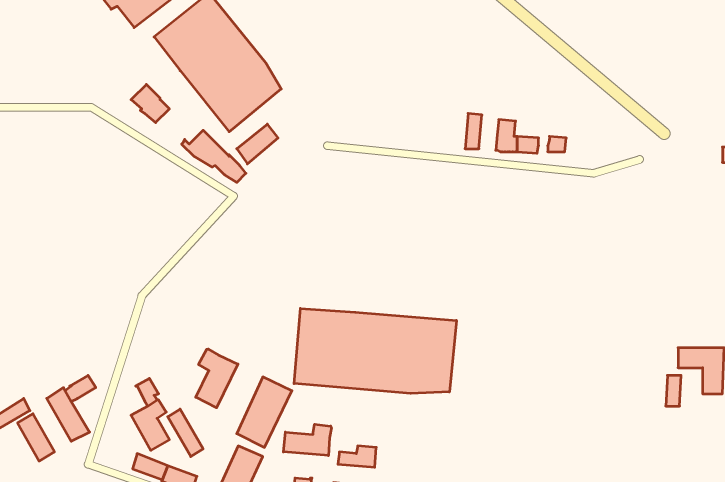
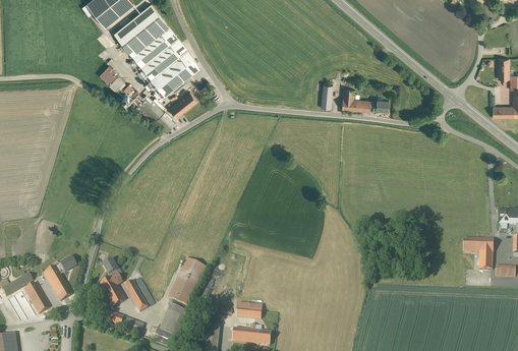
building: [294,308,456,393] -> none
building: [196,349,238,408] -> none
building: [283,424,331,456] -> none

